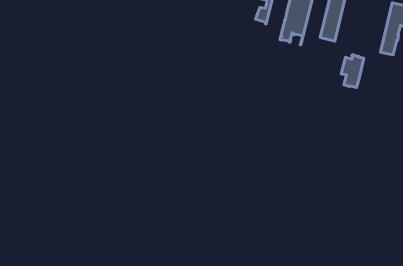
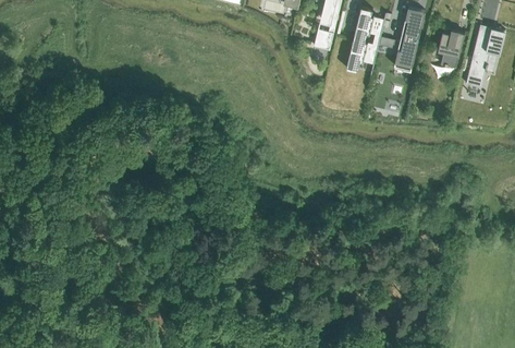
building: [341,55,364,88] -> [437,27,464,67]

